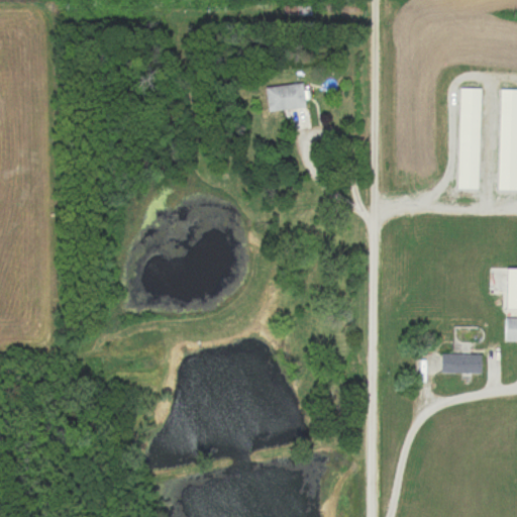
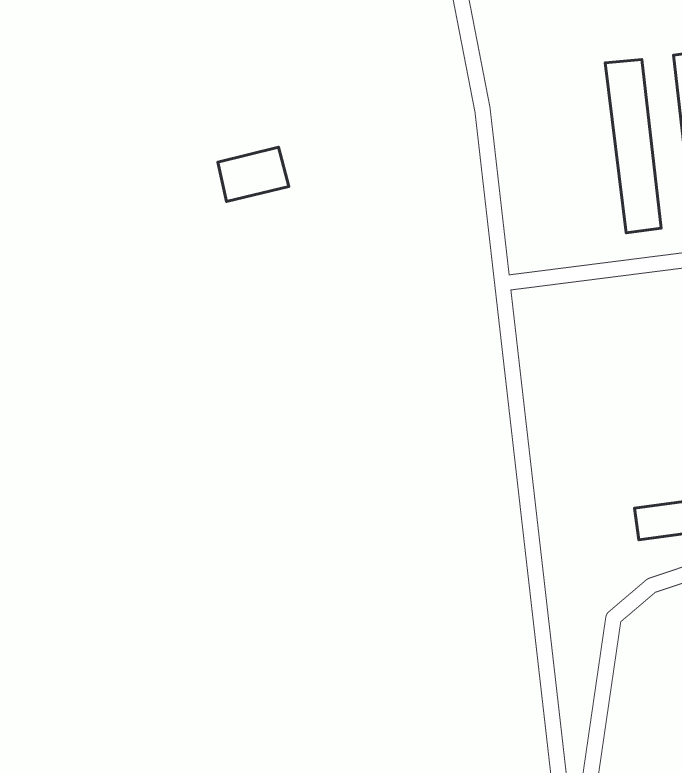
building: [267,83,307,111] -> [218,147,289,202]

